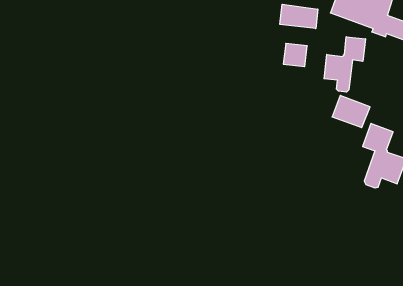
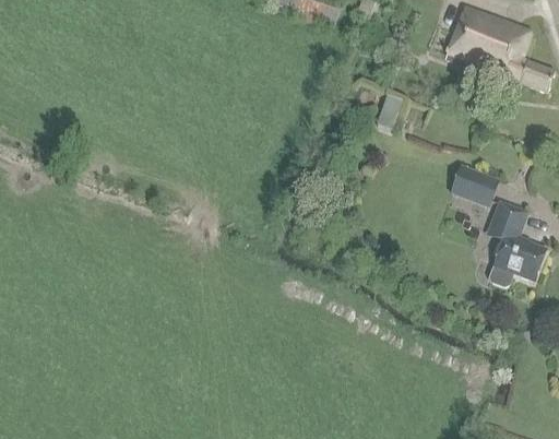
building: [280,4,318,29] -> none
building: [324,37,365,92] -> none

